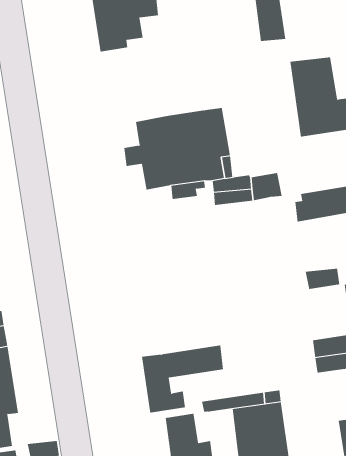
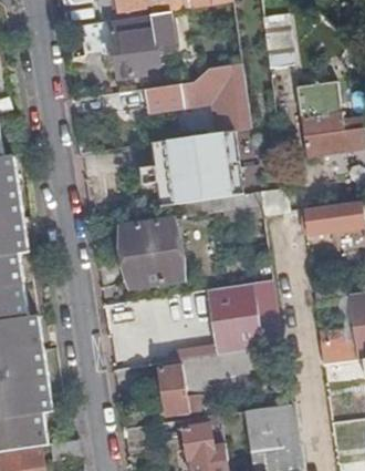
building: none -> [146,62,252,132]
building: none -> [119,218,185,288]
building: none -> [176,280,282,361]

